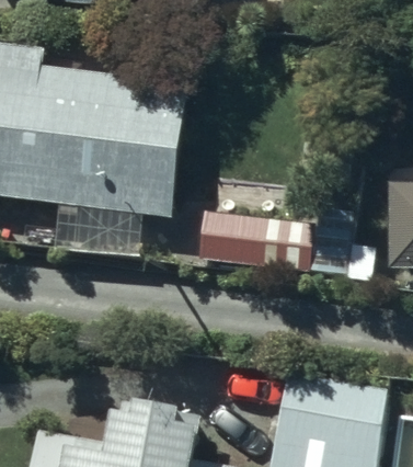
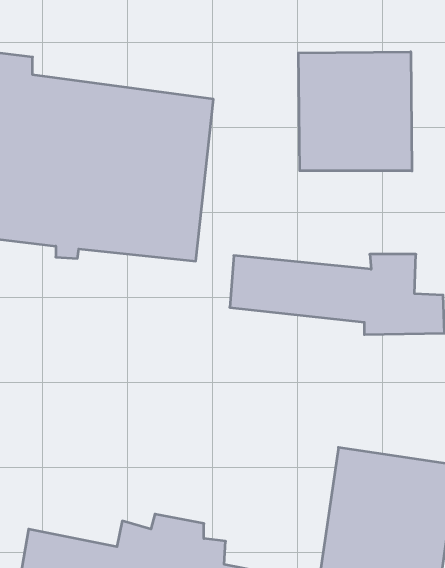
building: none -> [298,52,412,171]

